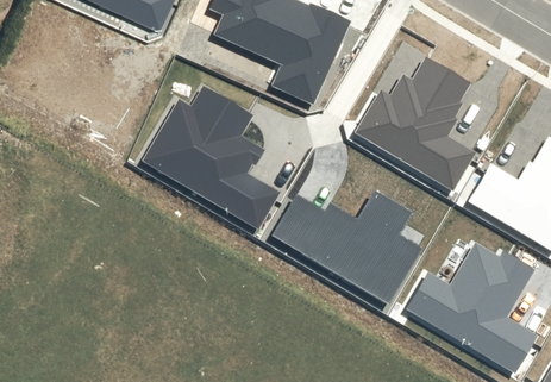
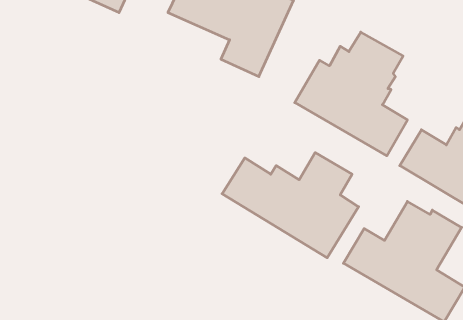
building: [142,84,278,228] -> none

